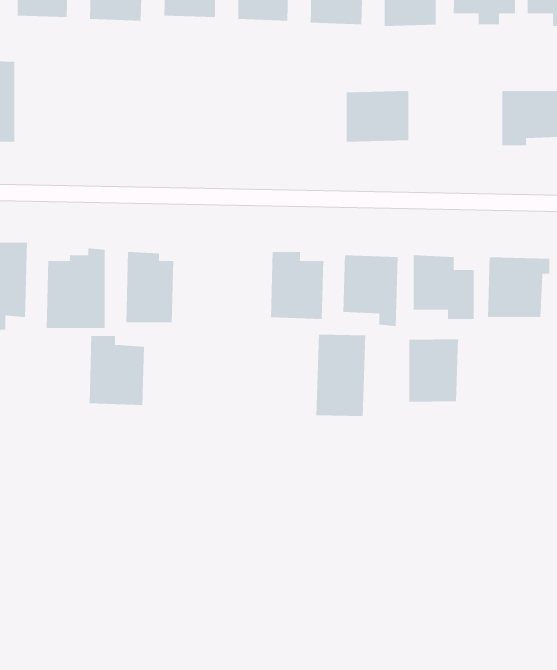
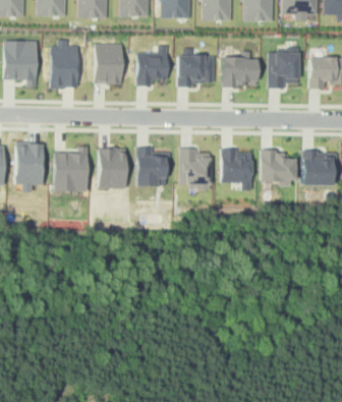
building: none -> [50,42,77,89]
building: none -> [94,44,121,83]
building: none -> [135,45,167,87]
building: none -> [268,52,299,89]
building: none -> [177,54,214,87]
building: [316,334,366,417] -> none
building: [89,335,145,406] -> [135,147,167,186]
building: [409,339,459,402] -> none

